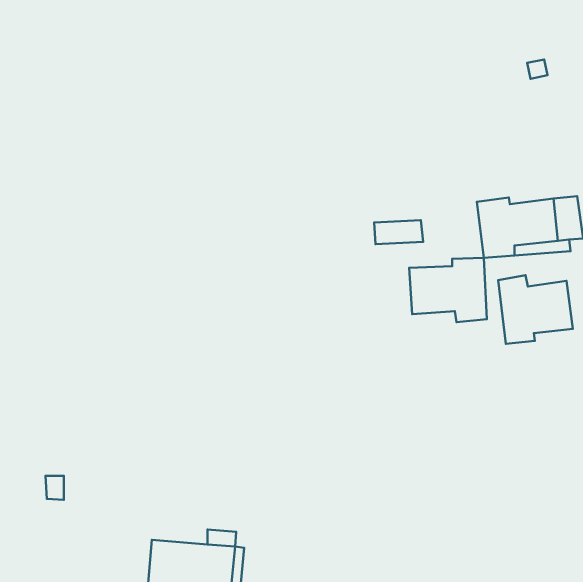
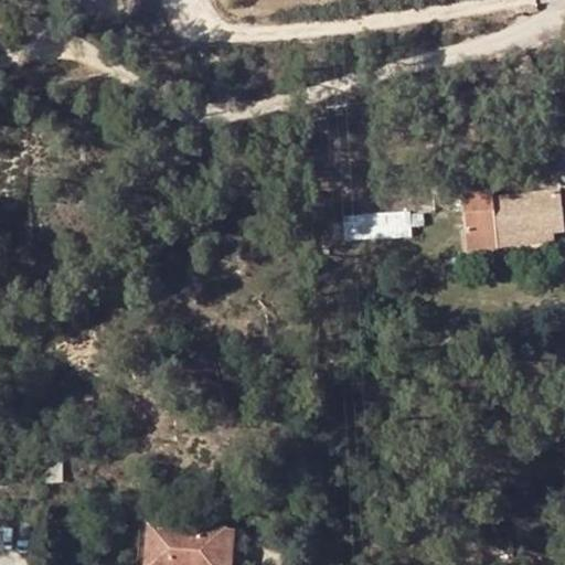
building: [409,258,487,322] -> none
building: [498,275,573,344] -> none

